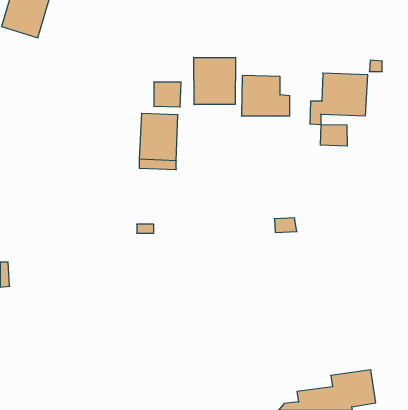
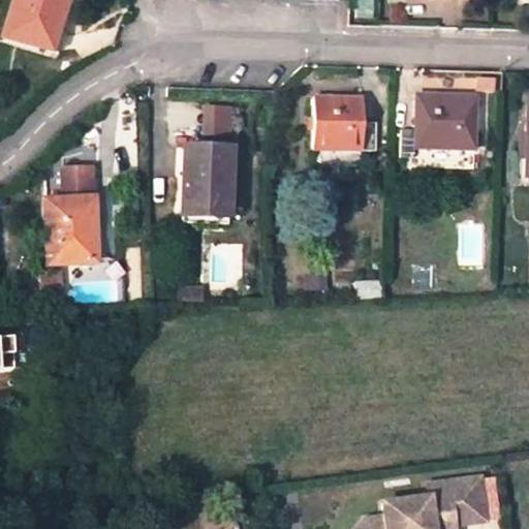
building: [194,57,236,105] -> none
building: [320,125,347,146] -> none
building: none -> [49,166,95,262]

